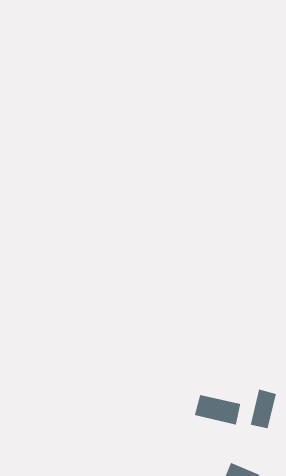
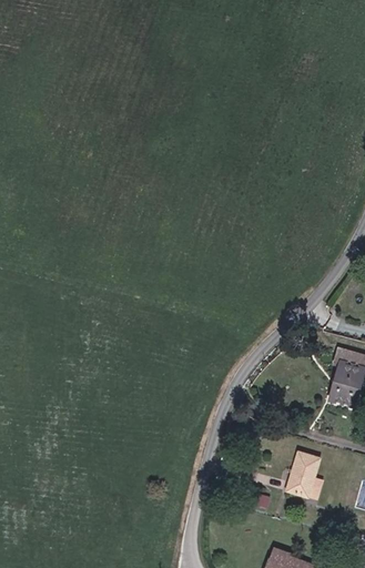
building: [194,394,241,426] -> none

